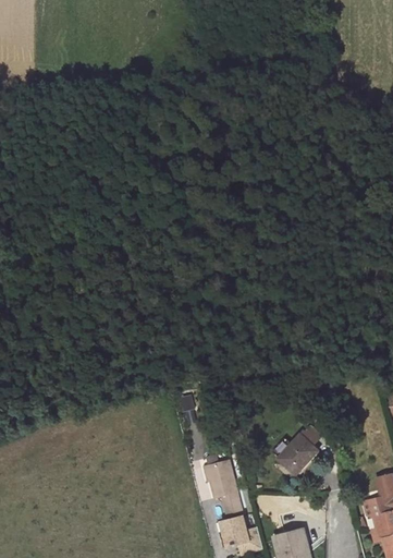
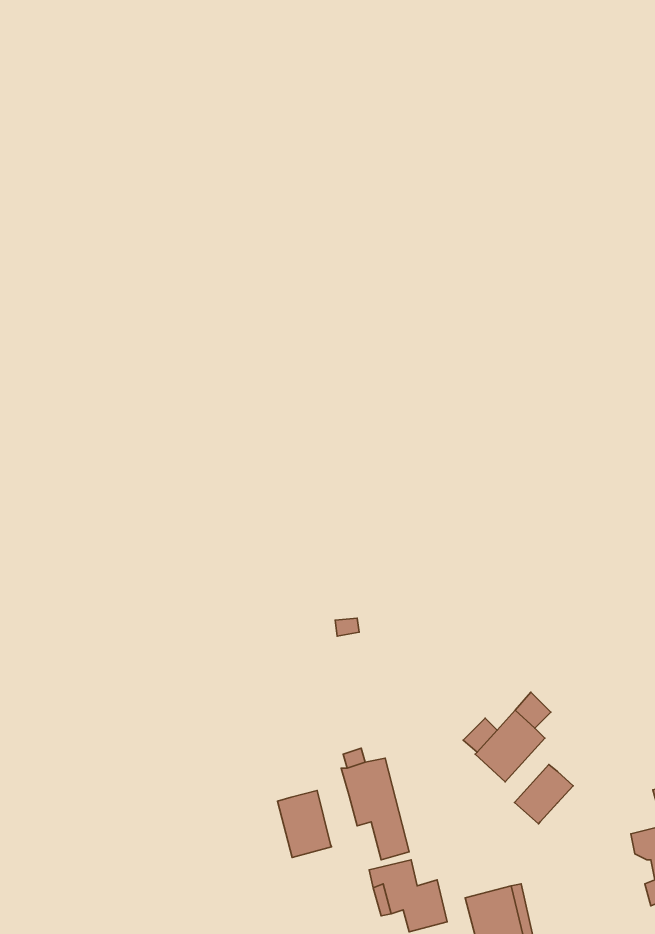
building: none -> [514,764,573,824]
building: none -> [278,791,331,858]

